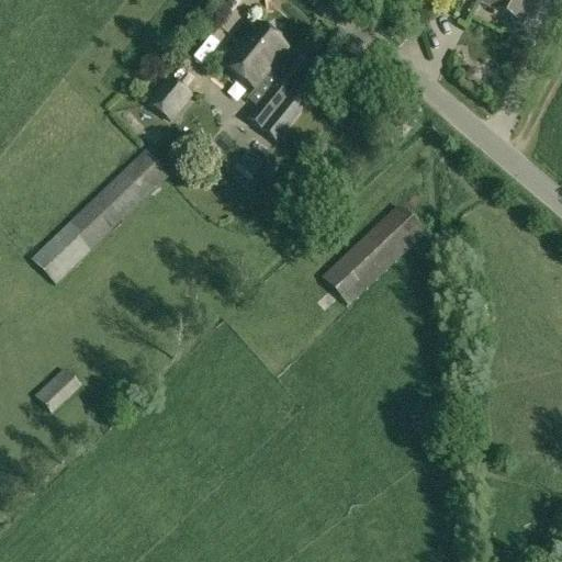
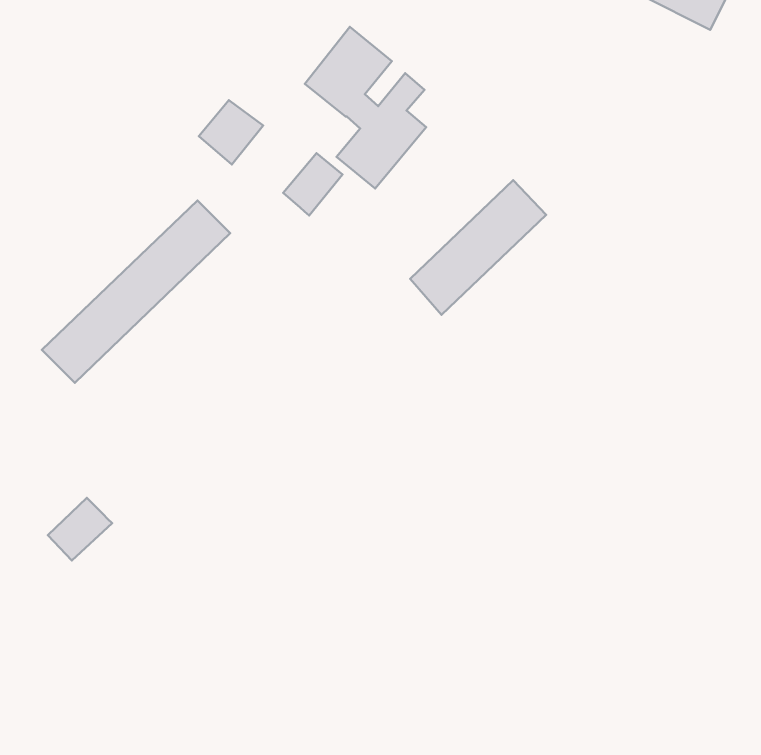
building: none -> [283,153,342,216]
building: [325,203,425,302] -> [410,180,546,315]

